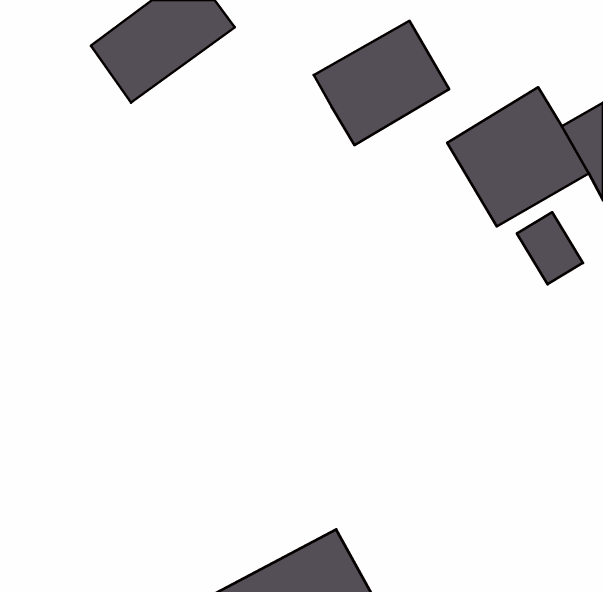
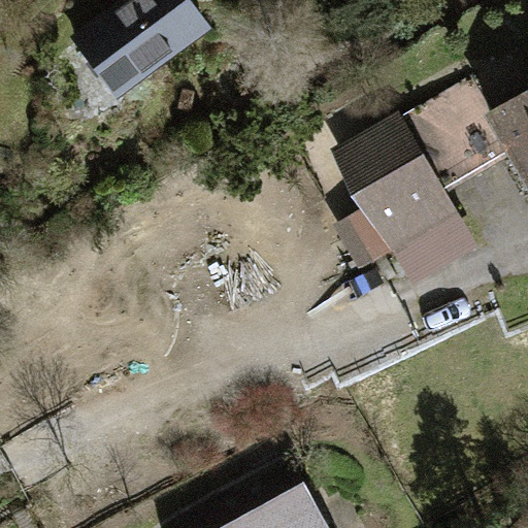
building: [314,21,449,145] -> none
building: none -> [341,134,446,265]

